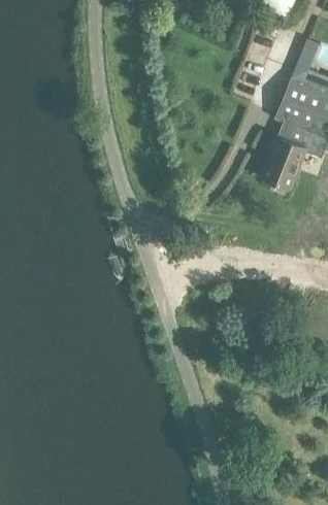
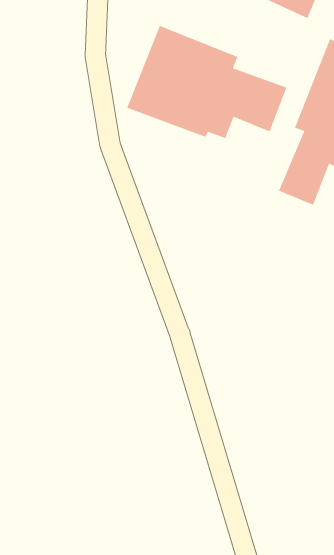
building: none -> [126,25,287,139]

